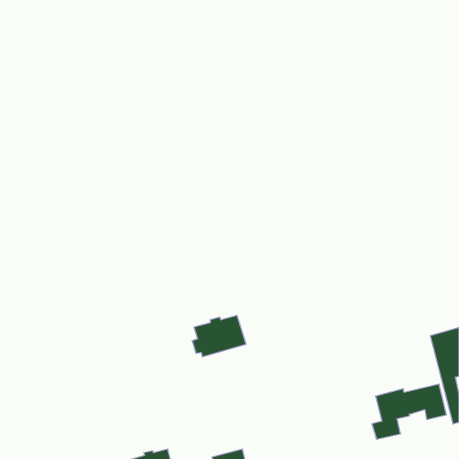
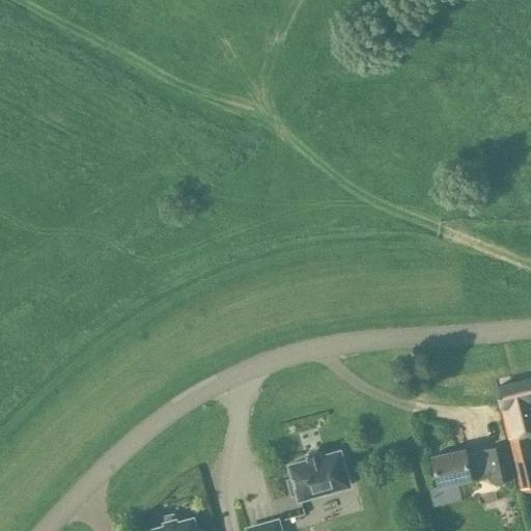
building: [192,315,246,357] -> [288,452,351,500]

